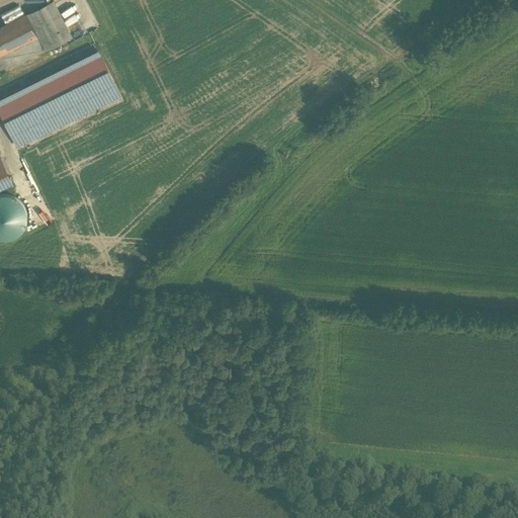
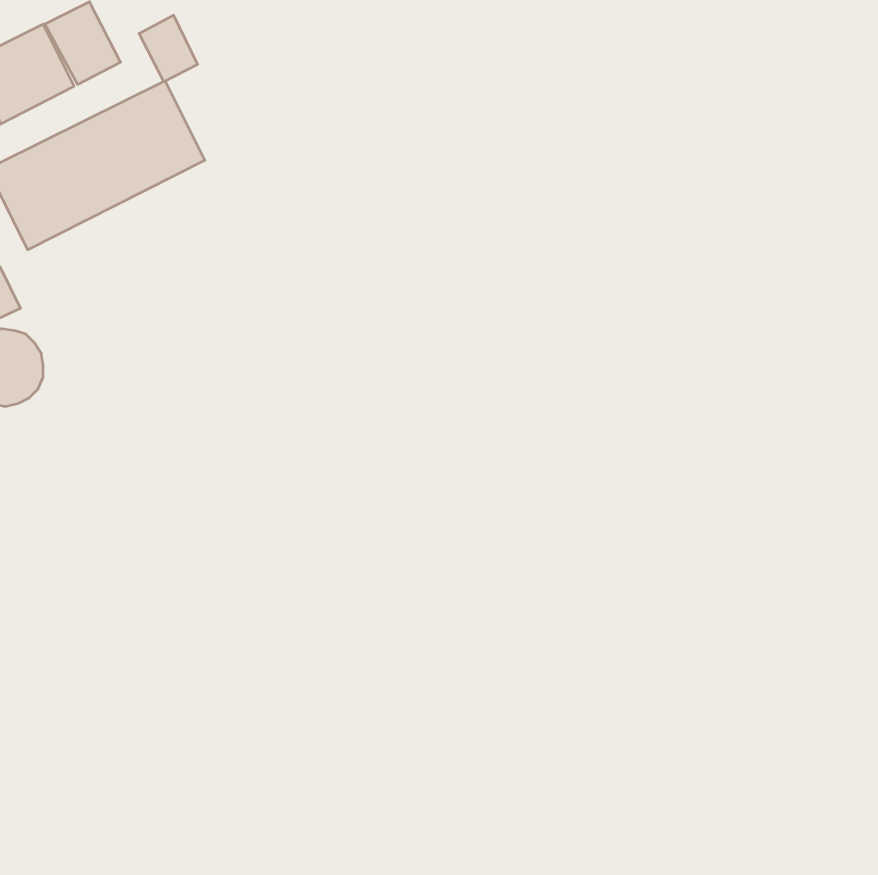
building: none -> [139,15,198,82]

